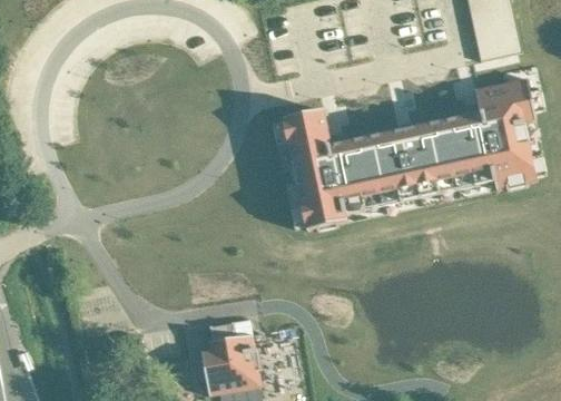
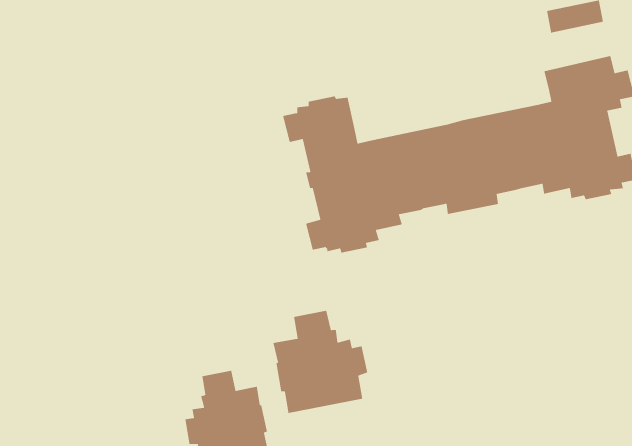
building: none -> [272,310,368,414]

